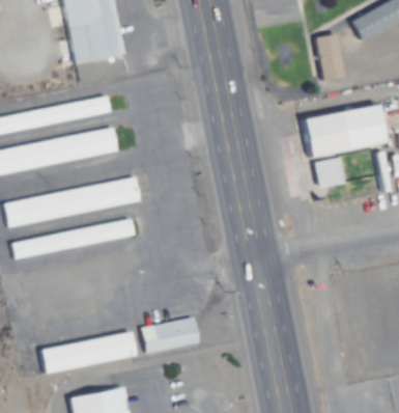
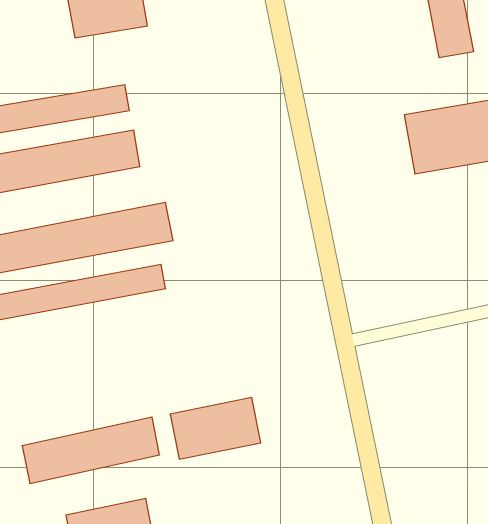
building: [314,157,347,189] -> none

